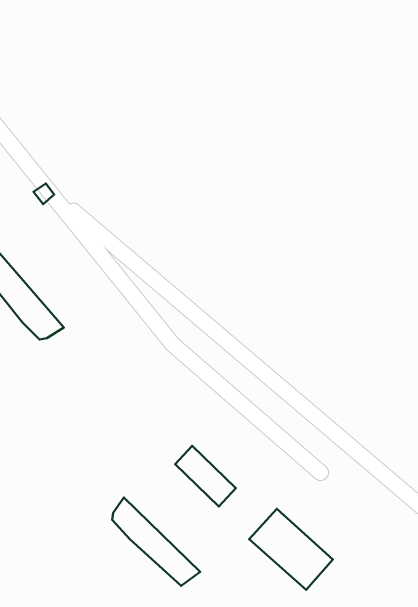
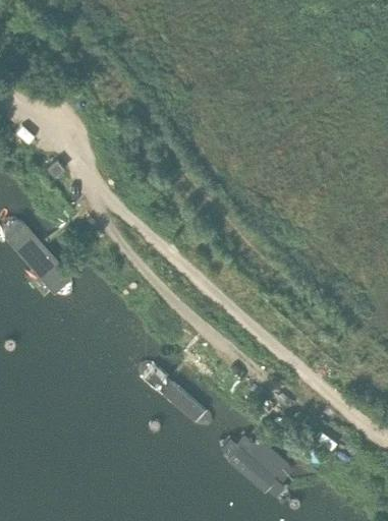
building: [112,497,200,586] -> none

